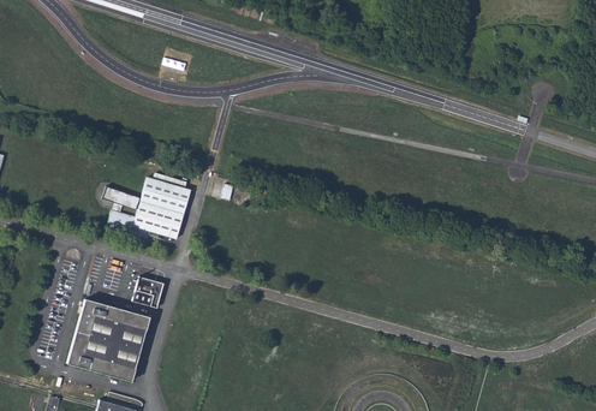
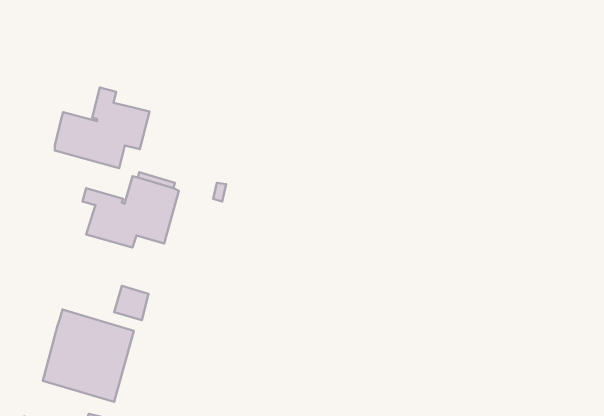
building: none -> [55,88,150,168]

